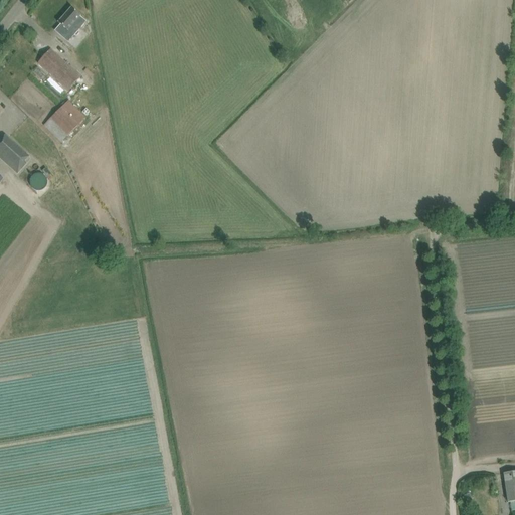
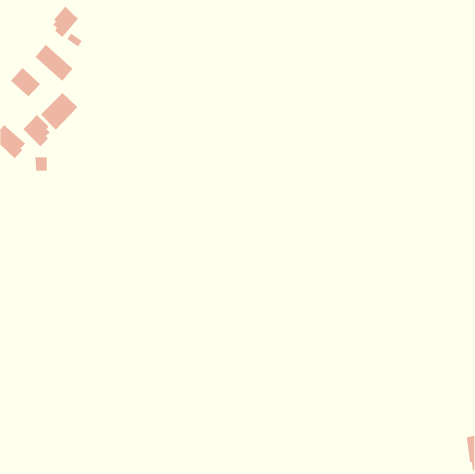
building: none -> [10,67,41,97]
building: none -> [22,114,51,147]

